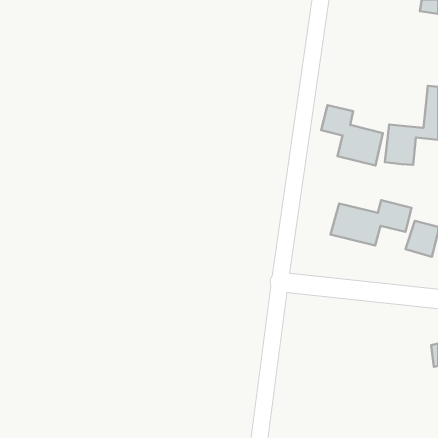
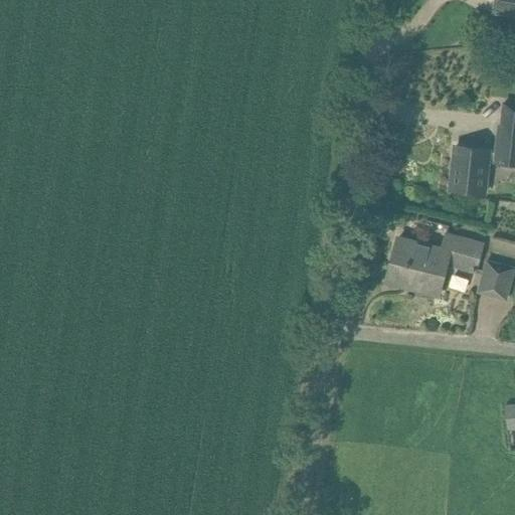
building: [321,105,383,166] -> none

